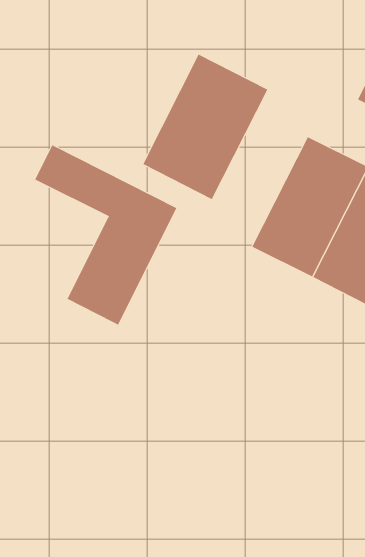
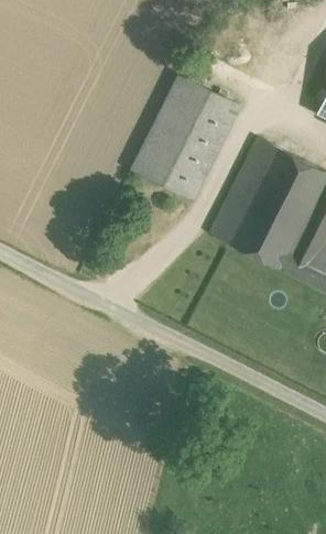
building: none -> [209,138,274,242]
building: [35,144,177,325] -> none

